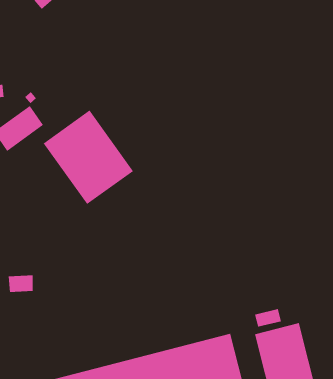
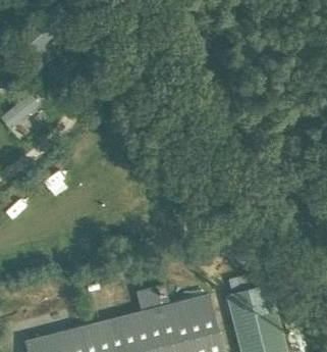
building: [43,110,134,205] -> none

